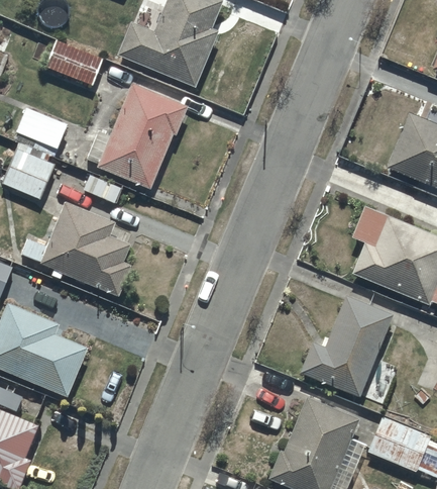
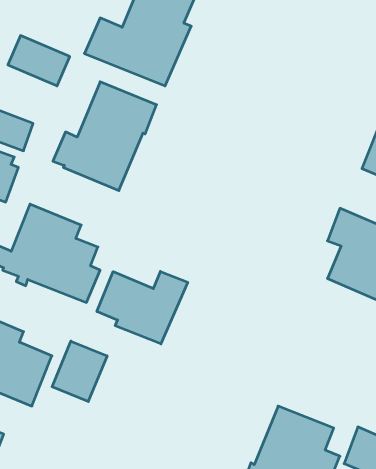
building: none -> [97,271,188,344]
building: [300,295,393,396] -> none
building: none -> [52,341,107,402]

